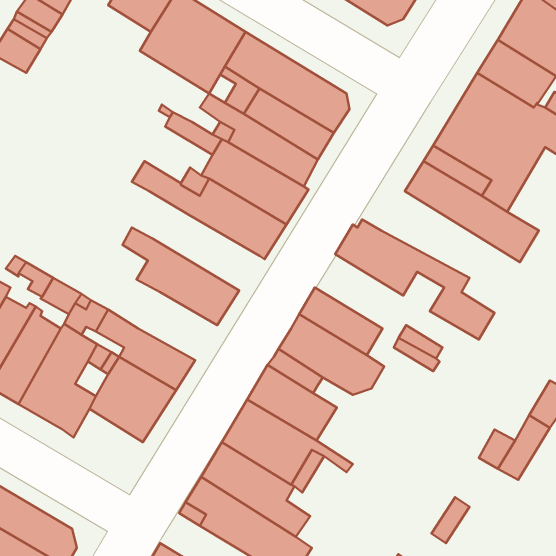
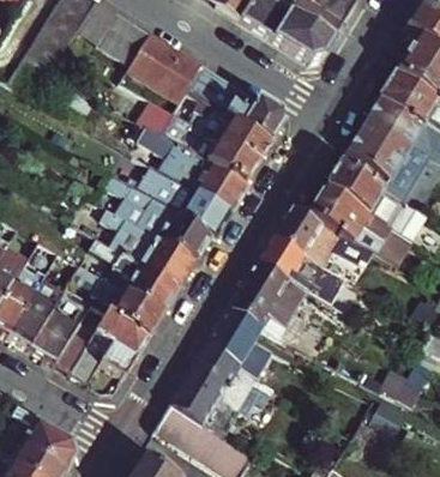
building: none -> [122,189,212,265]
building: none -> [305,189,410,267]
building: none -> [254,237,321,294]
building: none -> [85,240,180,318]

